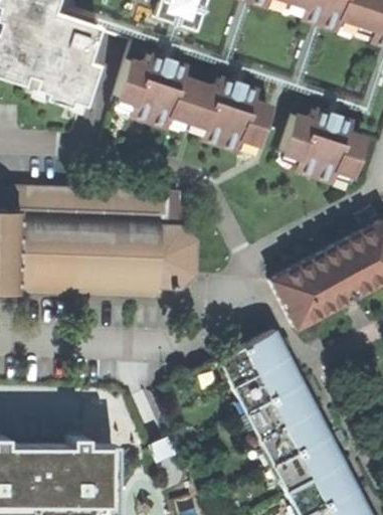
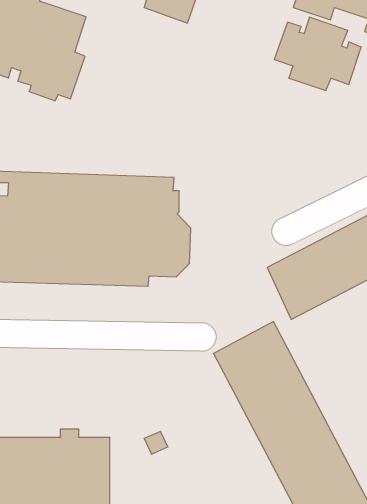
building: [116,60,270,156] -> none
building: [279,116,364,187] -> [274,17,361,91]

